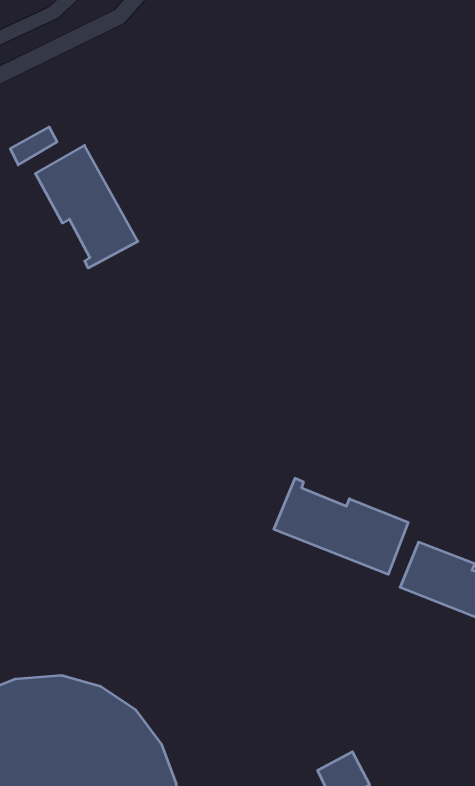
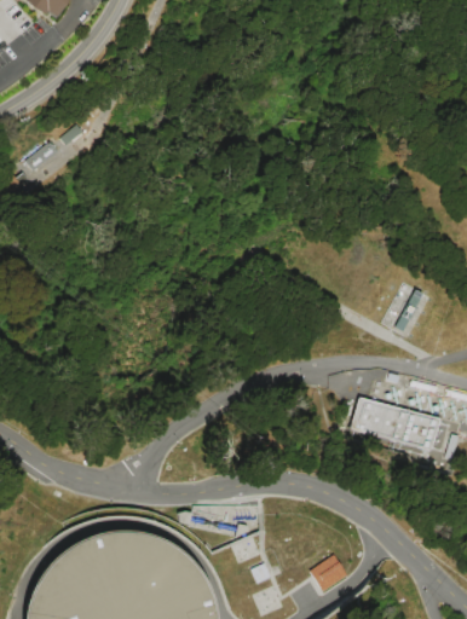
building: [35,145,138,268] -> none
building: [274,478,408,574] -> none

